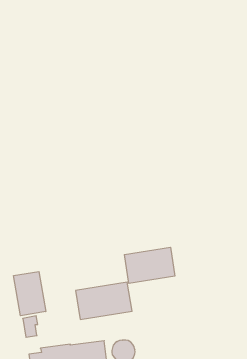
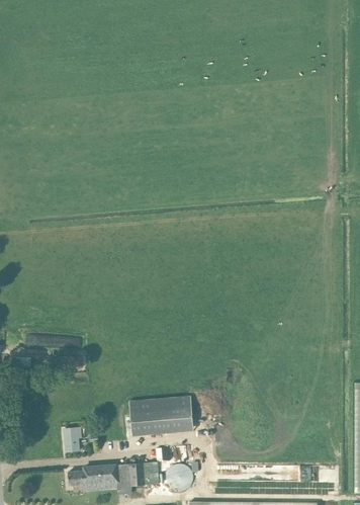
building: [124,247,175,283] -> none
building: [14,272,46,316] -> none

